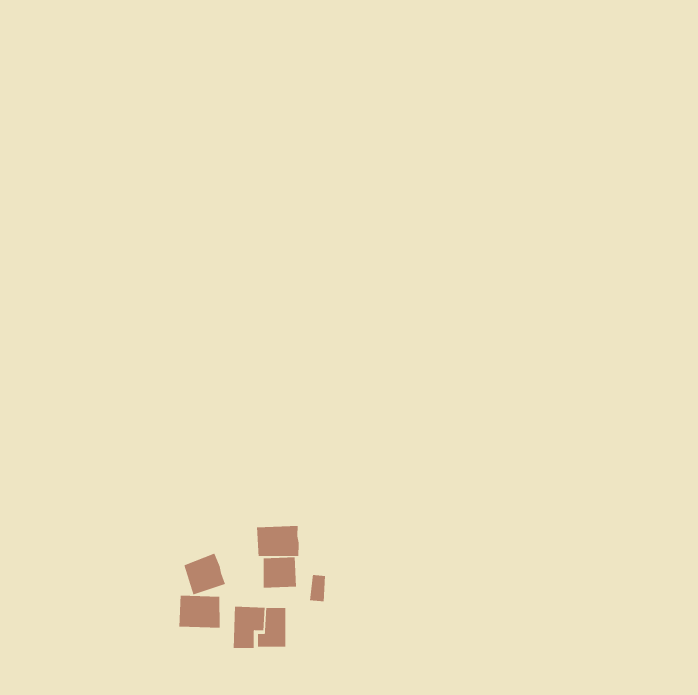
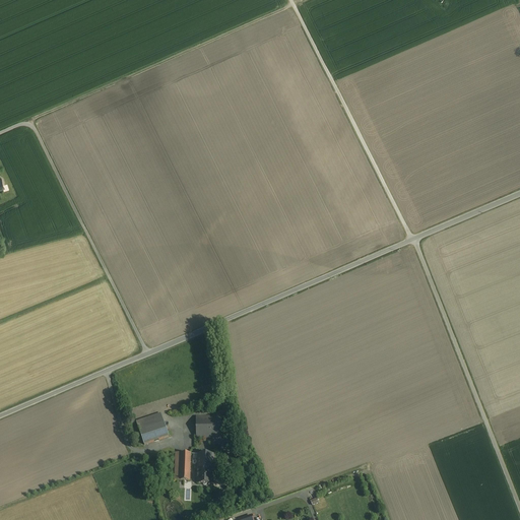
building: [256,525,299,557] -> none
building: [179,595,220,629] -> none

